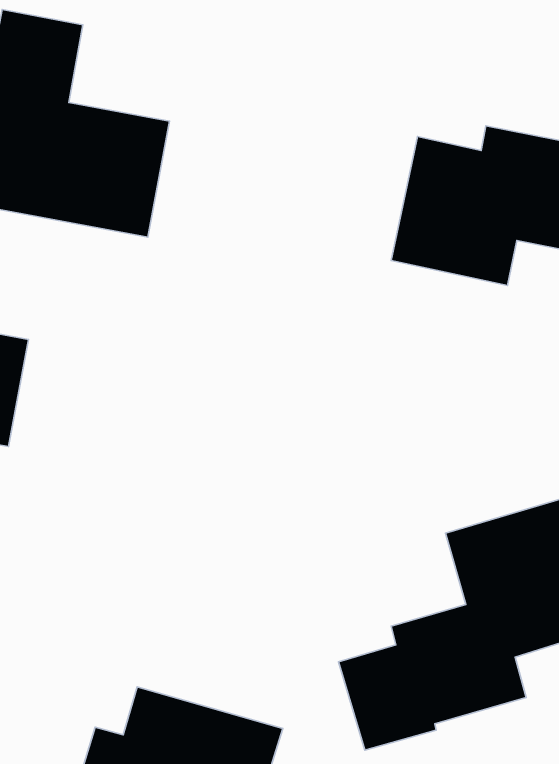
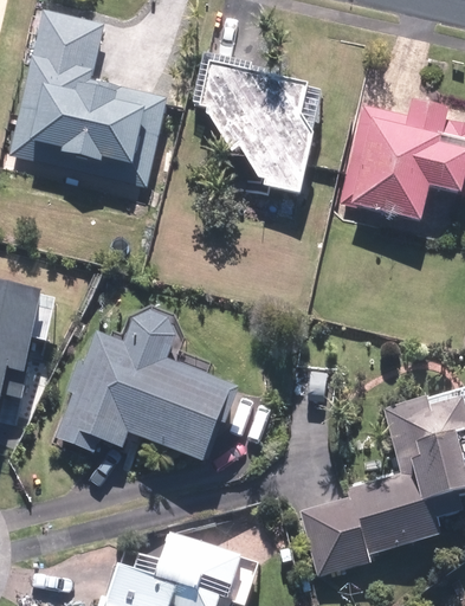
building: none -> [200,67,318,199]
building: none -> [53,307,235,466]

